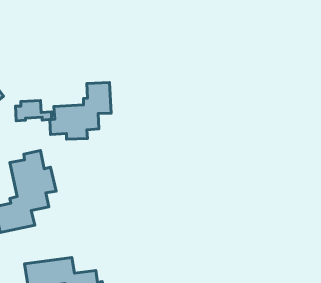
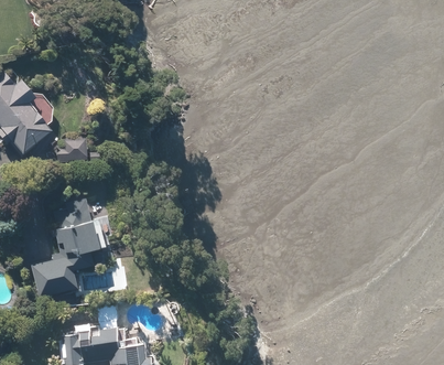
building: [50,82,111,139] -> none

